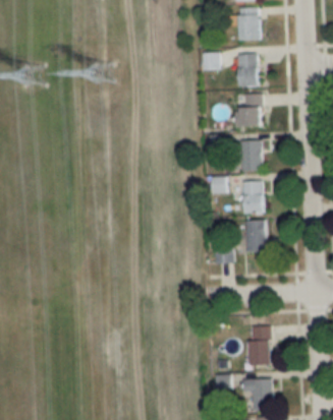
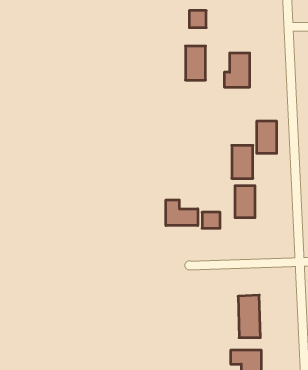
building: [238,54,258,86] -> [185,46,206,80]
building: [241,140,261,171] -> [257,121,277,153]
building: none -> [166,200,198,226]

